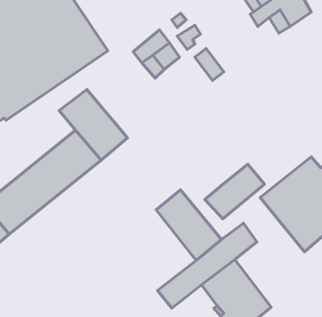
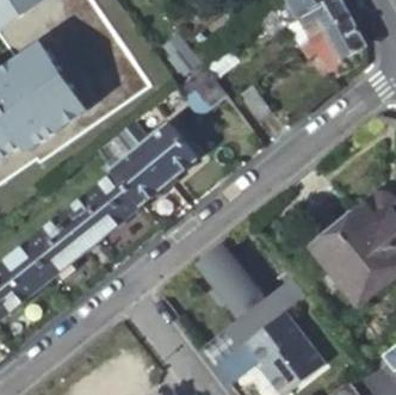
building: none -> [123,121,198,183]
building: [205,164,265,219] -> none

